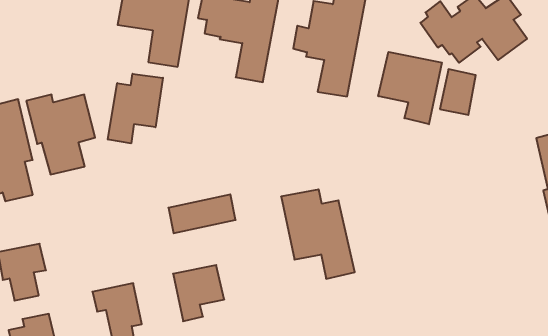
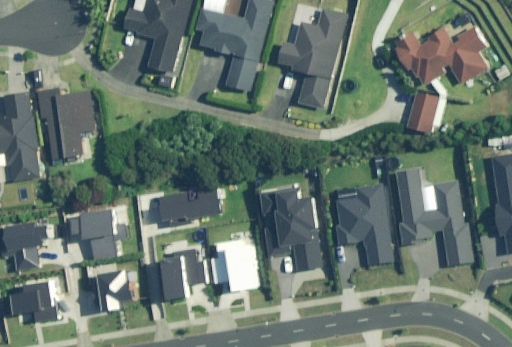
building: [378,52,442,124] -> none
building: [108,74,163,143] -> none
building: none -> [395,167,469,265]
building: none -> [335,184,390,263]
building: none -> [66,211,115,260]
building: none -> [214,240,257,292]

